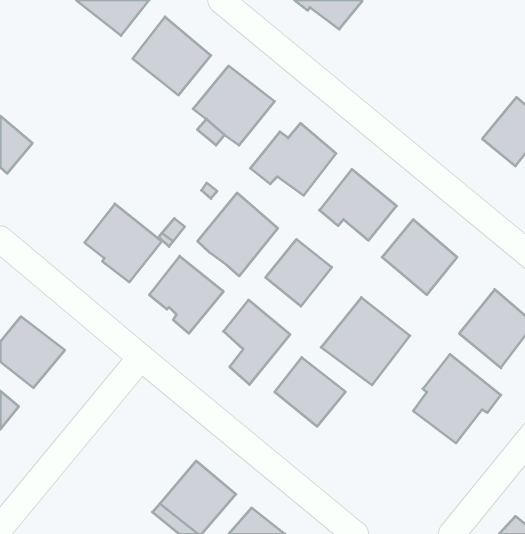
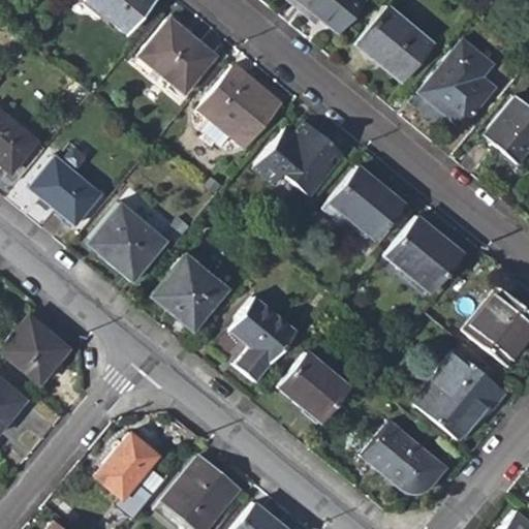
building: none -> [356,5,433,81]
building: none -> [422,40,494,129]
building: none -> [30,149,102,224]
building: [198,193,278,276] -> none
building: [266,239,332,306] -> none
building: [321,297,410,385] -> none
building: none -> [362,424,442,492]
building: none -> [96,431,158,497]

